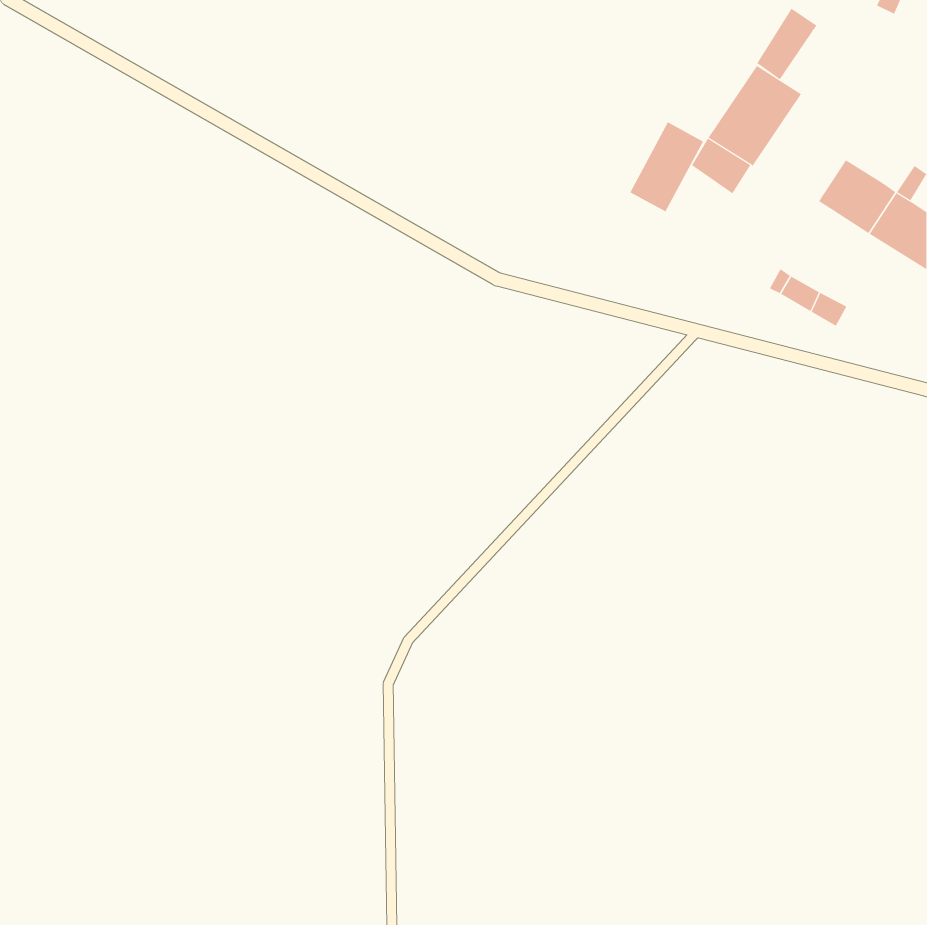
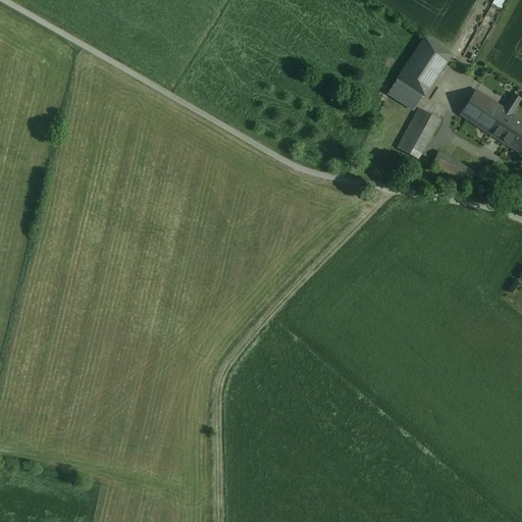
building: [757,8,817,80] -> none
building: [629,122,704,212] -> [398,107,439,158]

